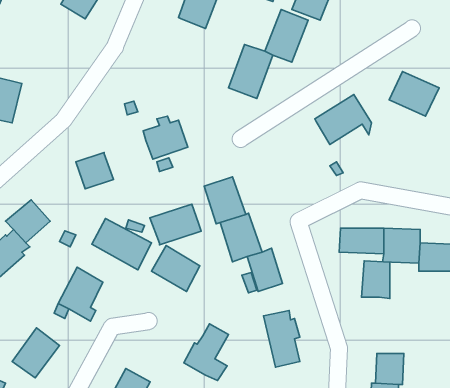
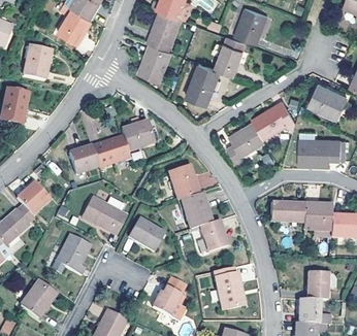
building: none -> [24,43,51,79]
building: none -> [138,43,170,80]
building: none -> [227,122,264,166]
building: none -> [298,139,340,166]
building: [150,204,201,245] -> [91,136,130,167]
building: [361,261,390,299] -> [306,271,328,300]

